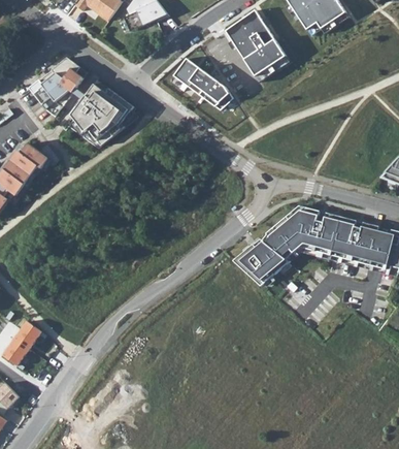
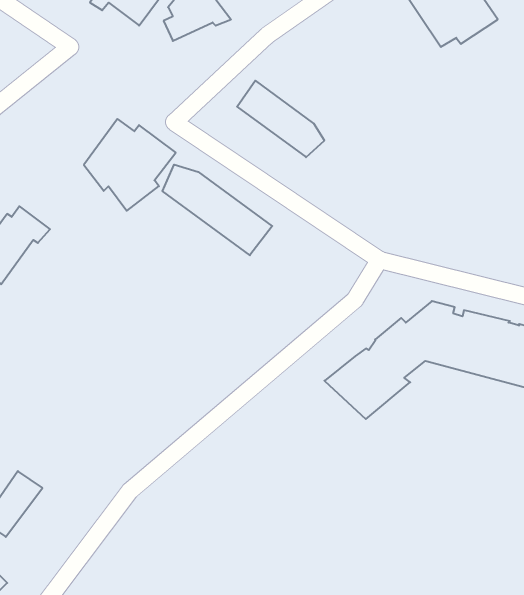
building: [225,9,290,82] -> none
building: [27,57,81,116] -> none
building: none -> [162,165,272,255]

